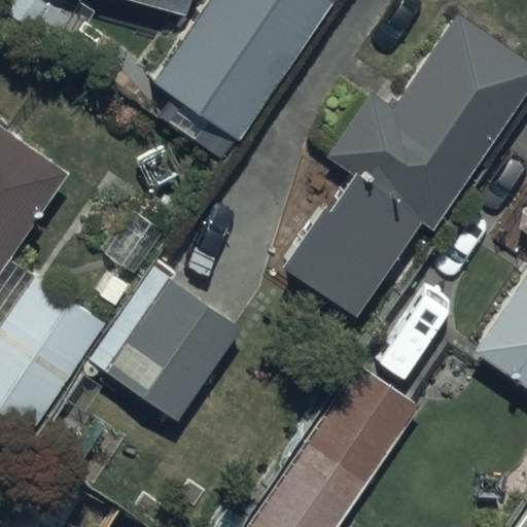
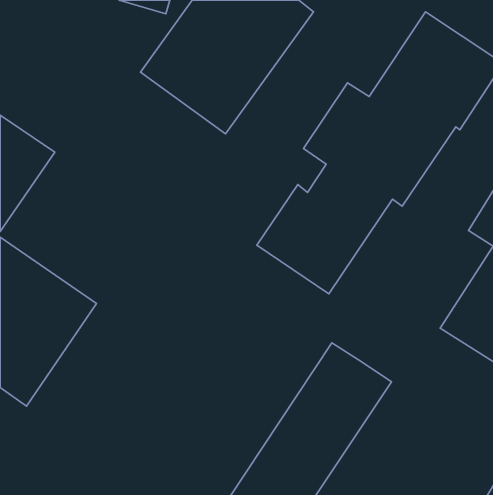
building: [91,270,240,422] -> none

